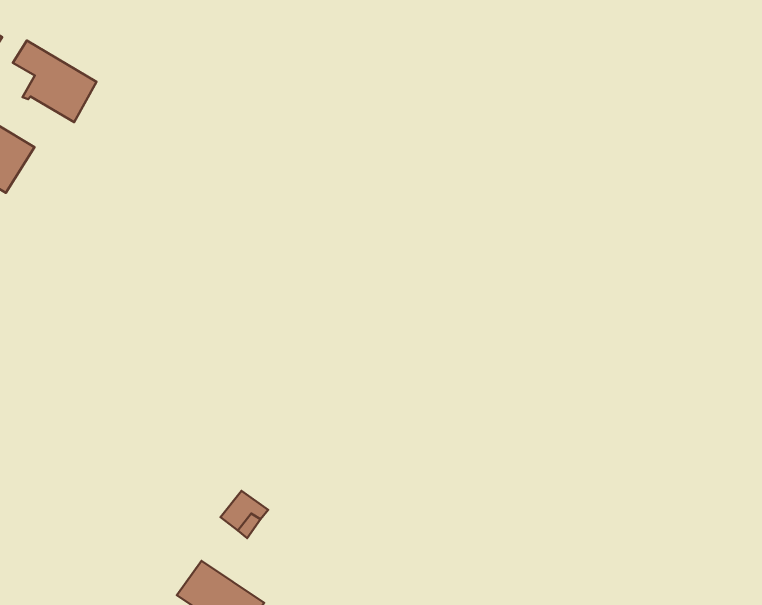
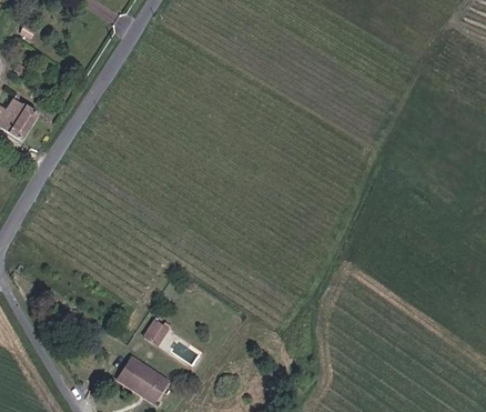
building: [13,41,96,122] -> none

